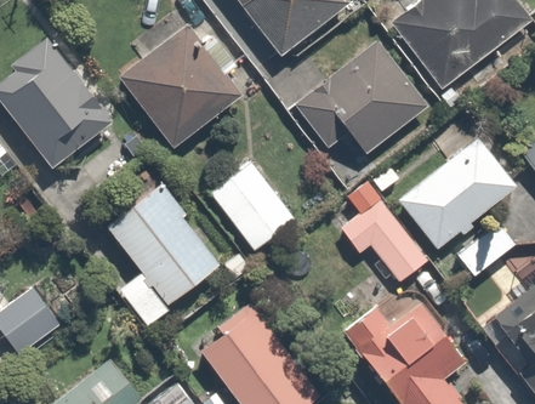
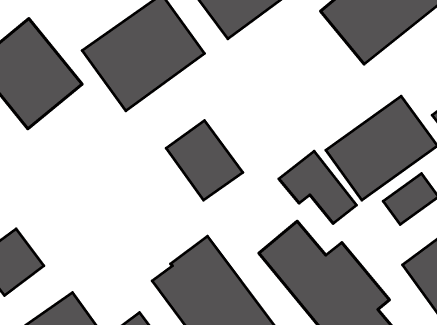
building: [300,35,436,152] -> none
building: [101,170,229,324] -> none

